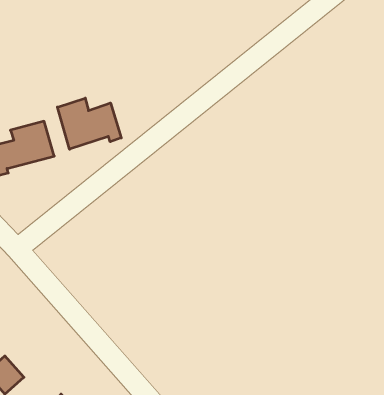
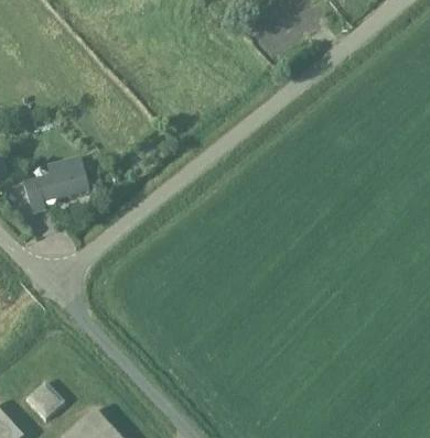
building: [57,98,121,149] -> none

